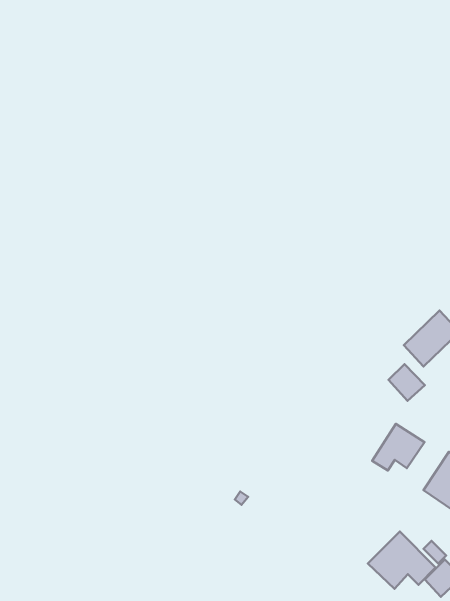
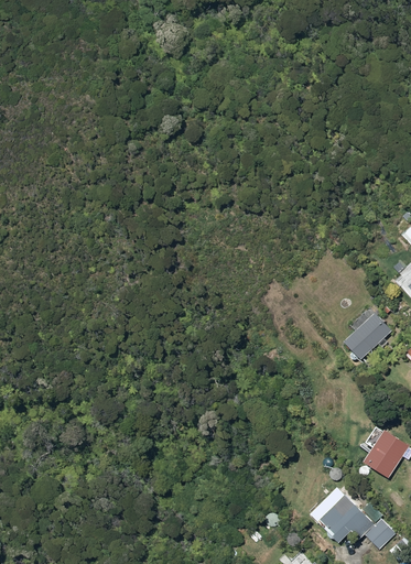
building: [389,364,425,401] -> none
building: [372,424,424,471] -> none

